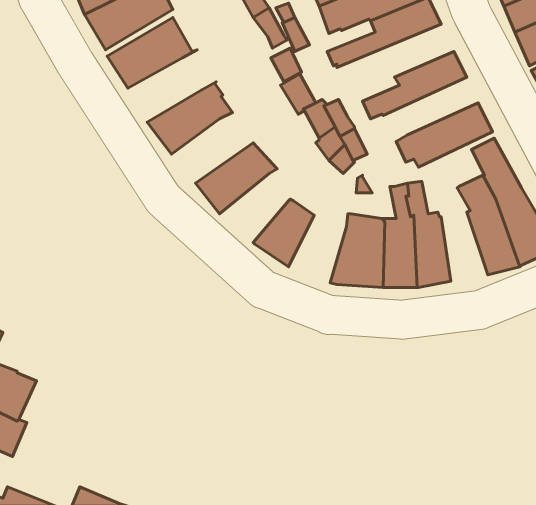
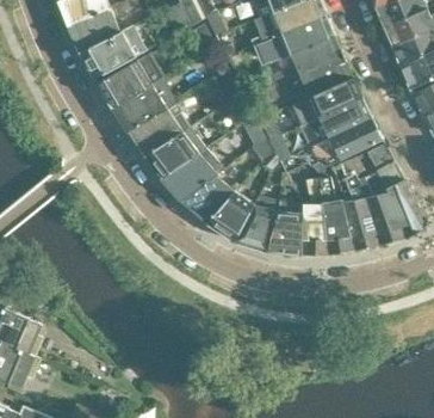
building: none -> [267,59,354,99]
building: none -> [112,84,167,131]
building: none -> [302,98,372,146]
building: none -> [144,124,205,177]
building: none -> [341,160,379,250]
building: none -> [180,167,241,221]
building: none -> [231,195,275,251]

